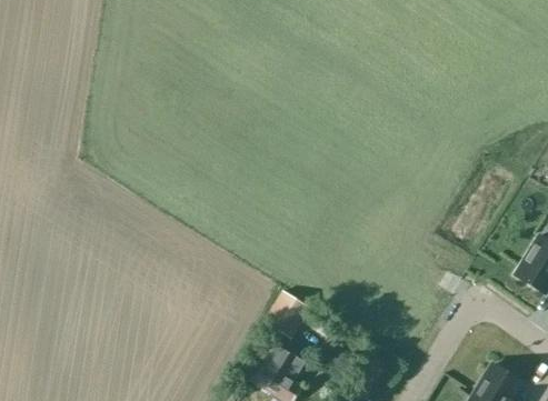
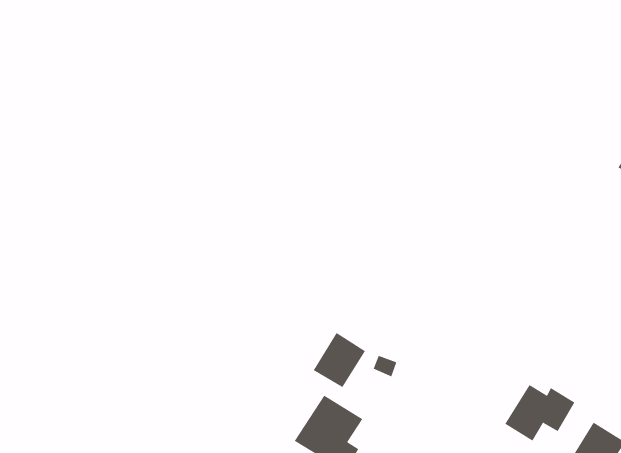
building: none -> [505,384,575,442]

